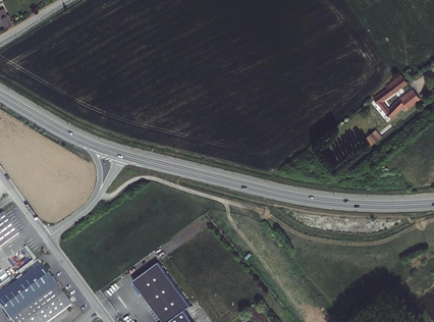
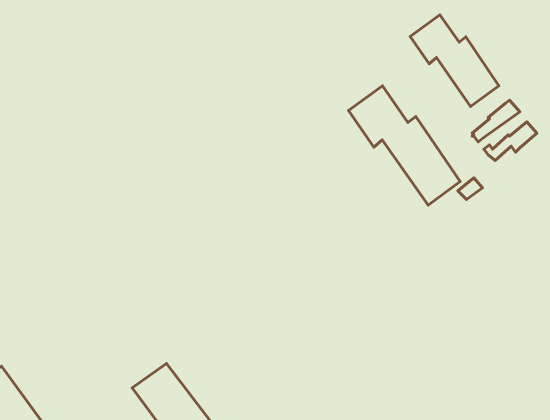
building: none -> [410,15,499,107]
building: none -> [348,86,460,205]

